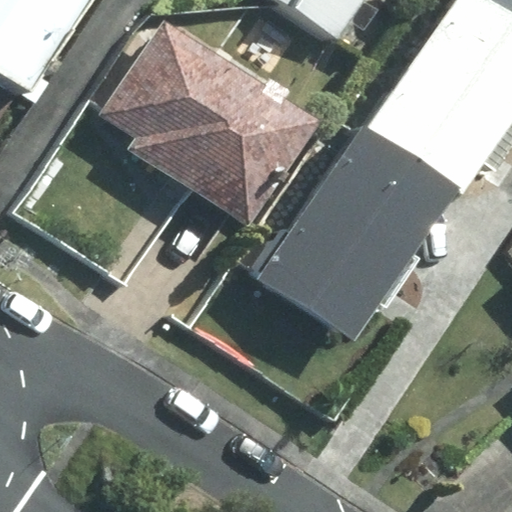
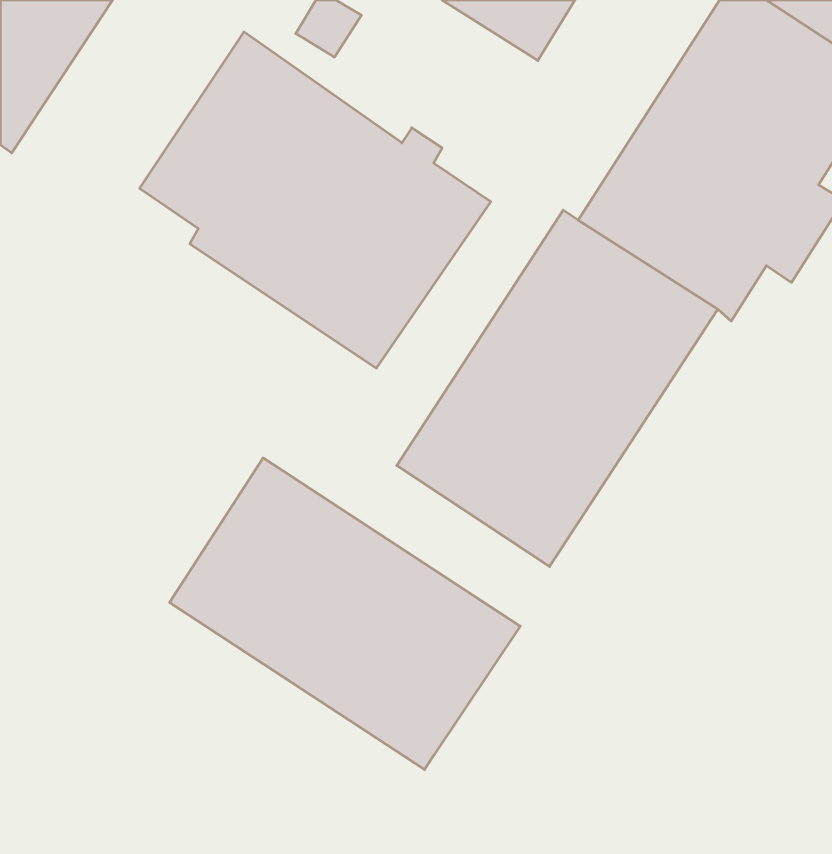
building: none -> [170,458,520,770]

